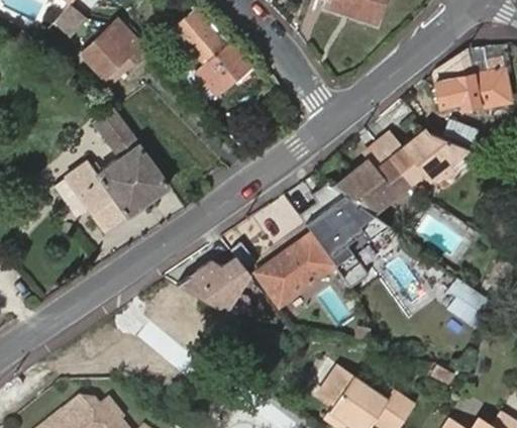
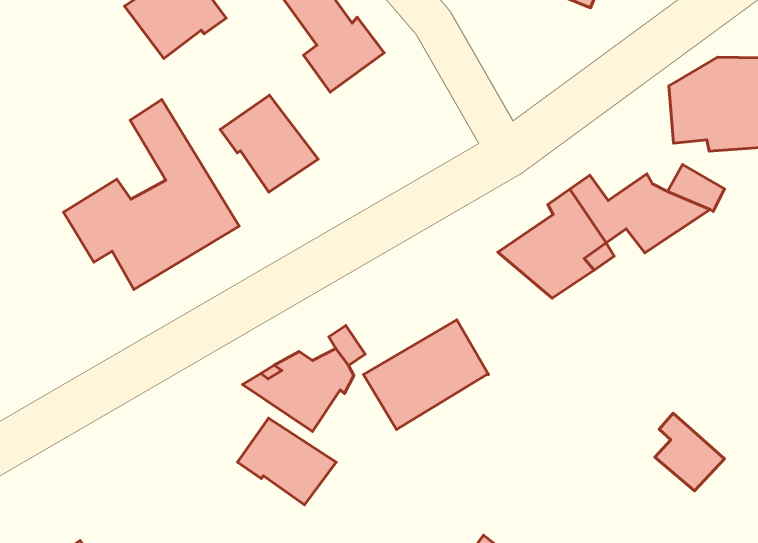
building: none -> [220,95,318,192]
building: [298,183,390,288] -> none
building: none -> [237,418,336,505]

